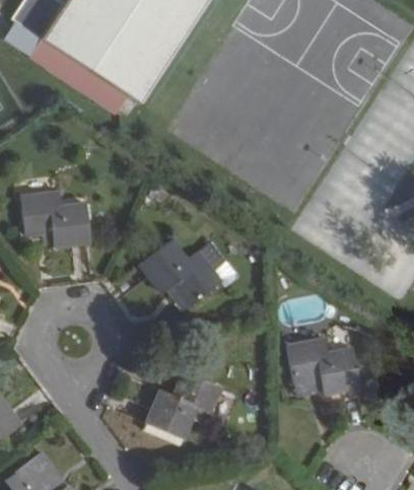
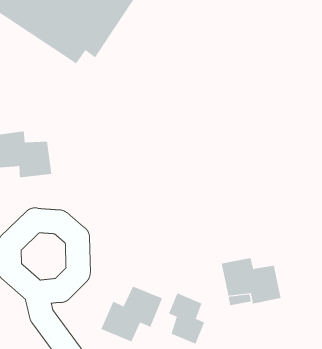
building: [140,240,218,304] -> none
building: none -> [168,292,205,345]

